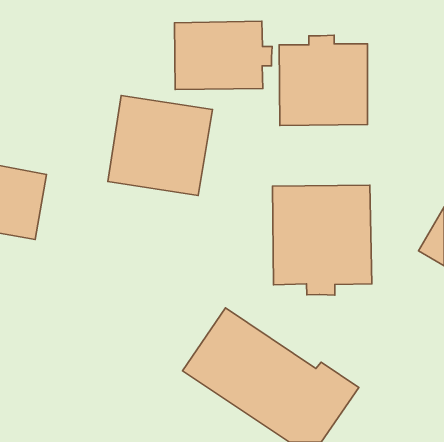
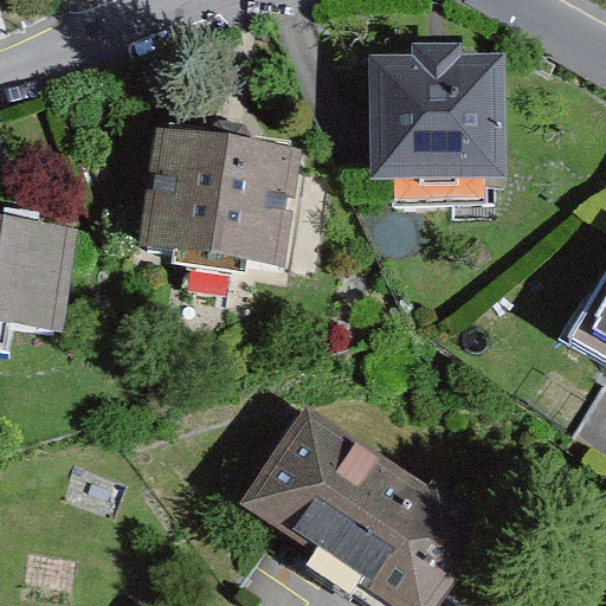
building: [174,21,272,89] -> none
building: [272,185,372,295] -> none

